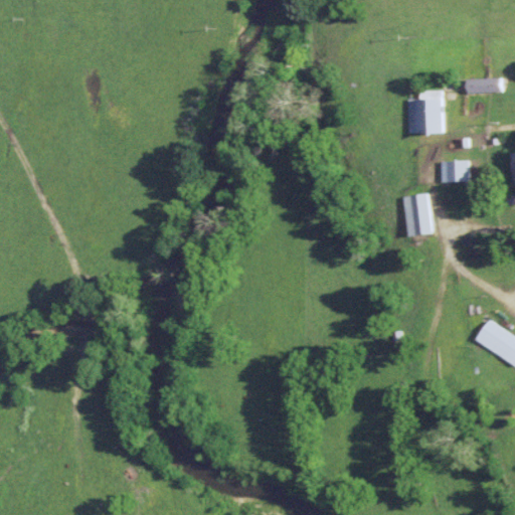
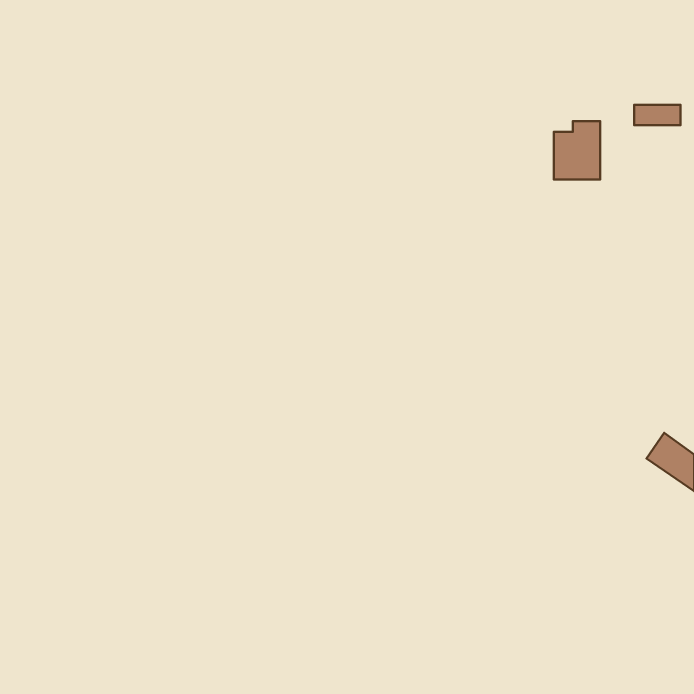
building: [442,160,468,182] -> none
building: [403,193,434,237] -> none

